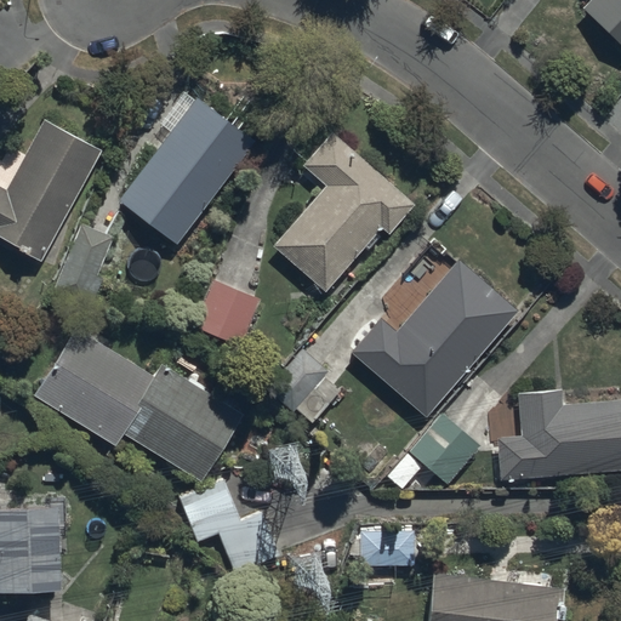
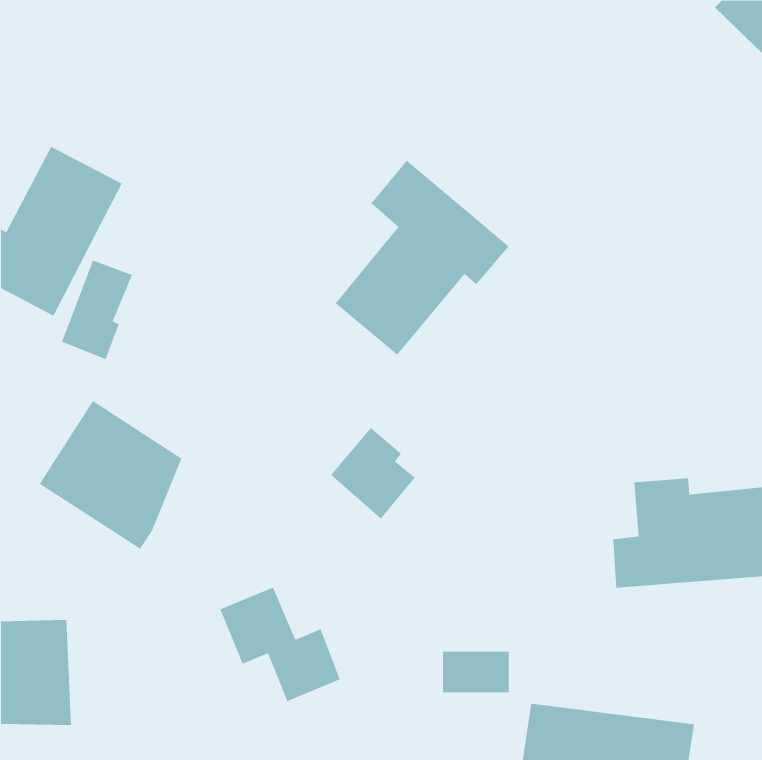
building: [120,101,253,245] -> none
building: [351,260,517,415] -> none
building: [189,280,258,347] -> none
building: [125,364,241,482] -> none
building: [388,412,479,490] -> none

